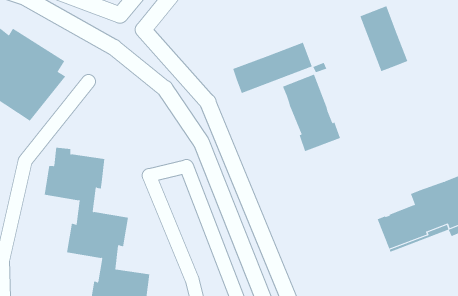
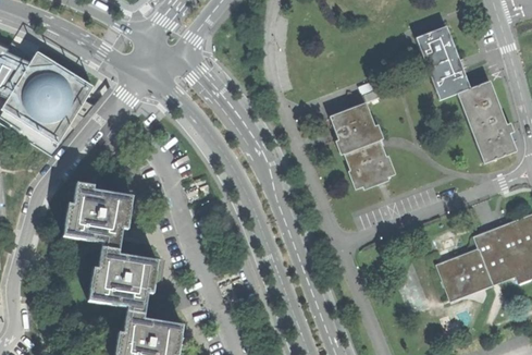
building: [232,42,312,94] -> none
building: none -> [457,79,517,162]

